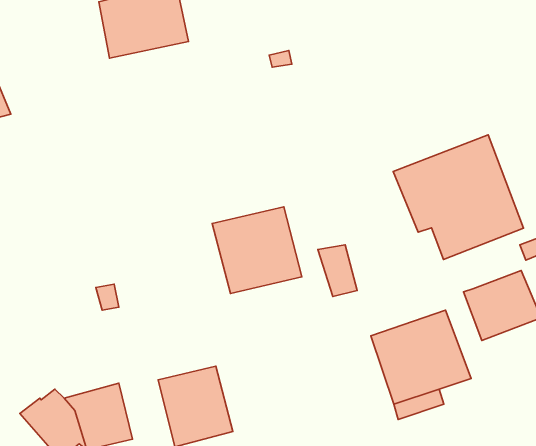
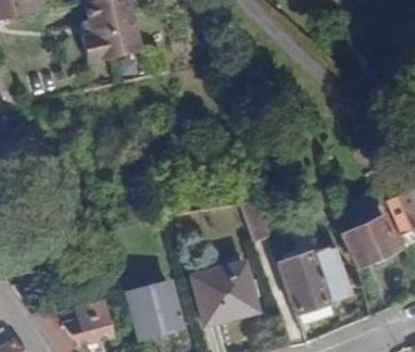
building: [393,135,524,259] -> none
building: [212,207,302,293] -> [191,257,255,319]

